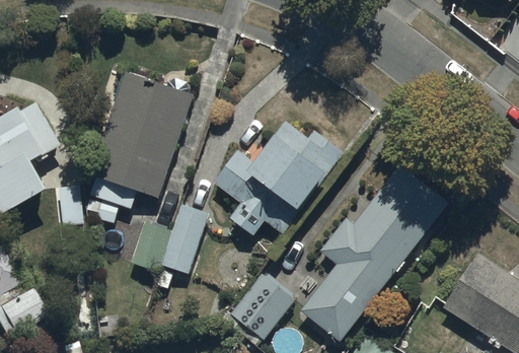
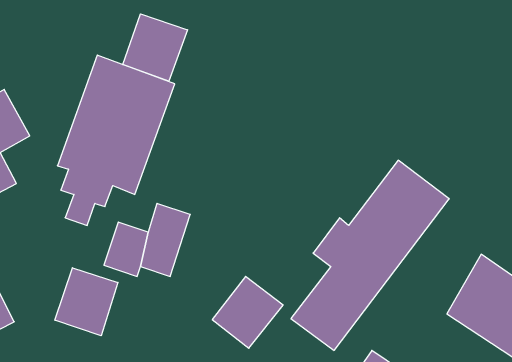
building: none -> [123,14,188,81]
building: [213,119,344,236] -> none
building: none -> [55,268,118,336]

